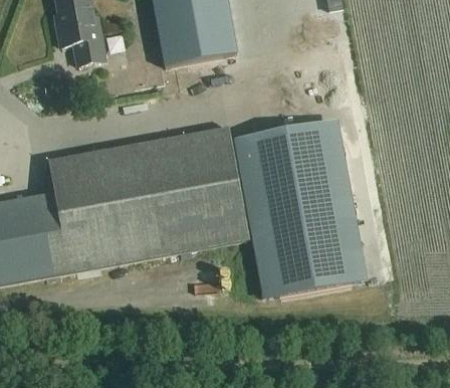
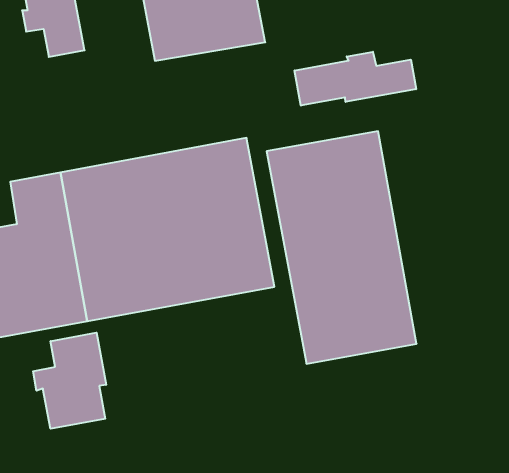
building: none -> [295,52,416,106]
building: none -> [33,333,106,429]

